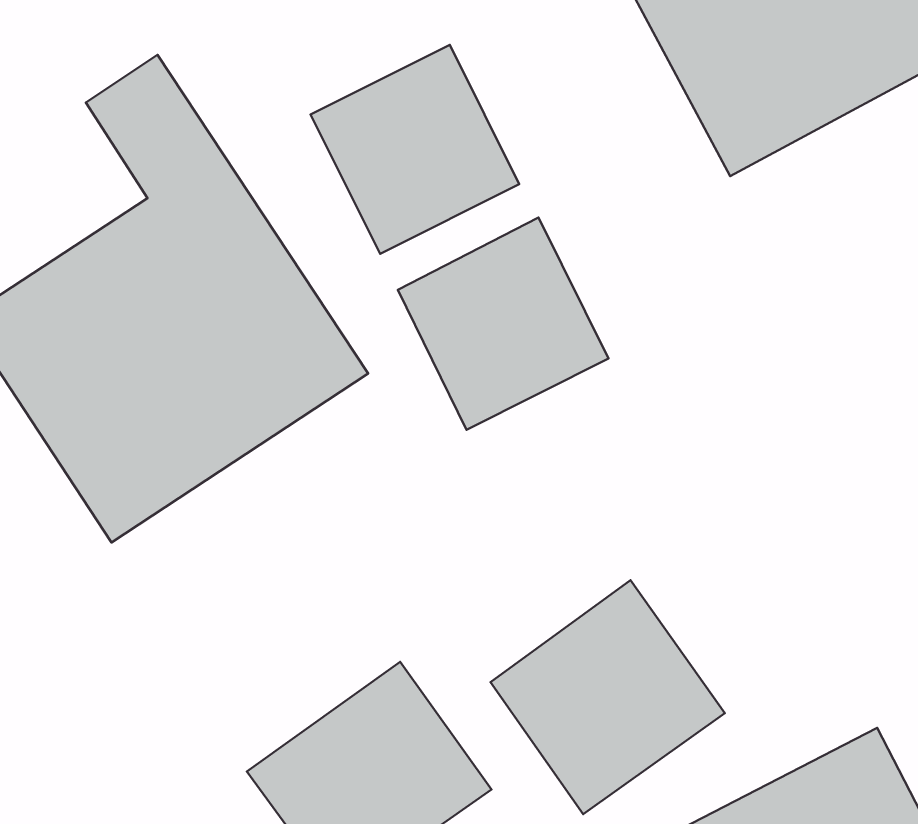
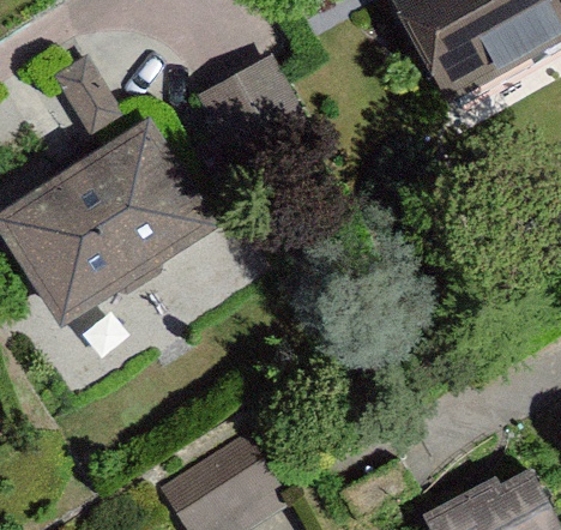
building: [398,218,608,430] -> none
building: [491,580,725,814] -> none

